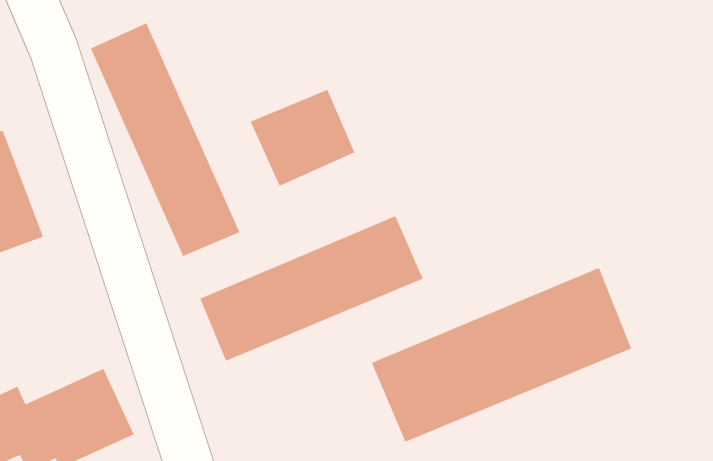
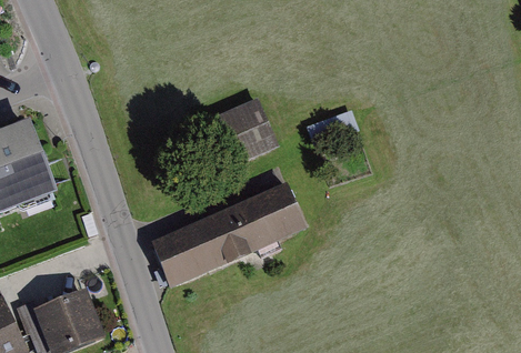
building: [90,22,240,257] -> none
building: [371,267,632,442] -> none

